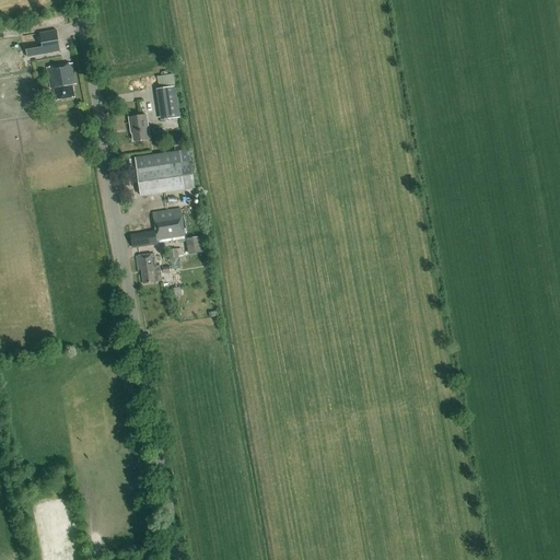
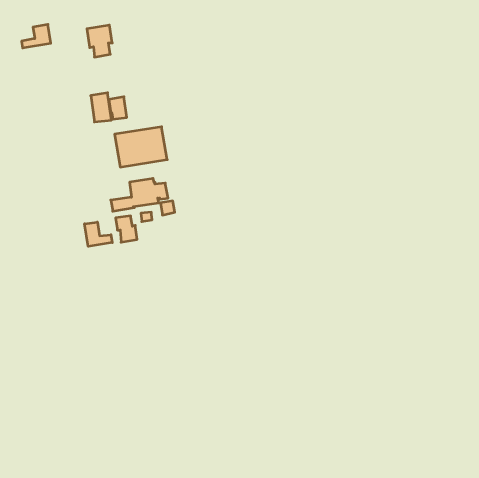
building: [45,61,74,98] -> [87,25,112,57]
building: [155,84,179,118] -> [91,93,111,122]
building: none -> [85,222,112,246]

